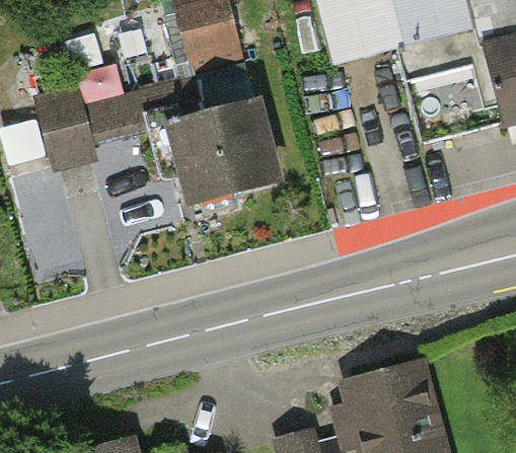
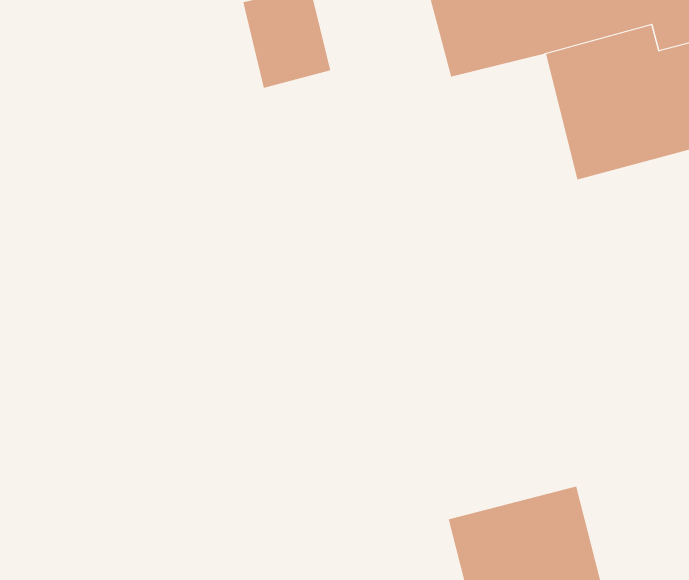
building: [40,70,280,207] -> none

